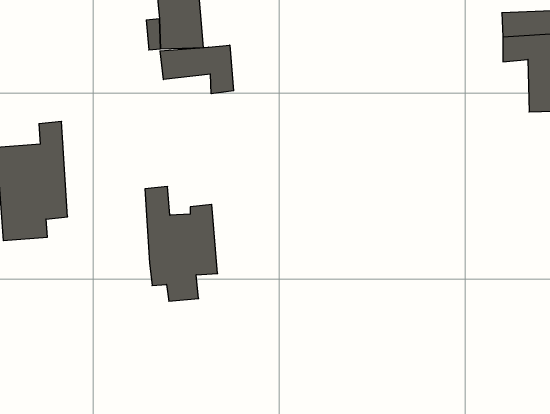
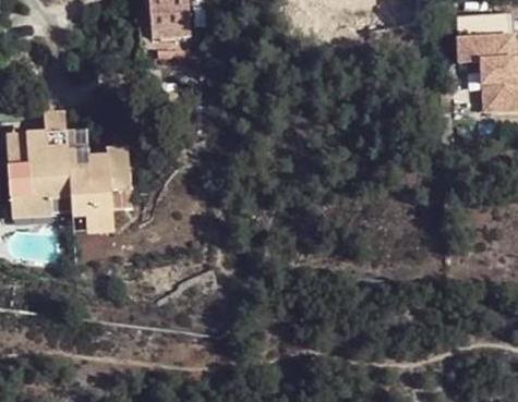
building: [160,45,234,94] -> none
building: [145,187,218,301] -> [62,132,129,236]

